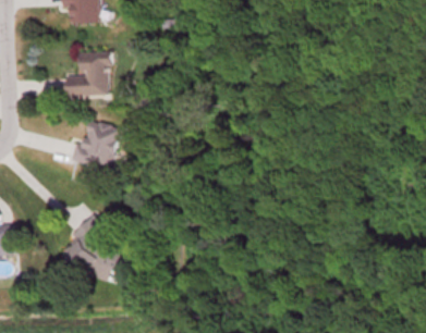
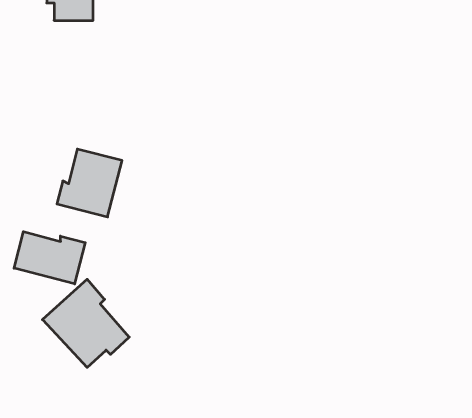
building: [65,52,109,94] -> none
building: none -> [14,232,85,284]

